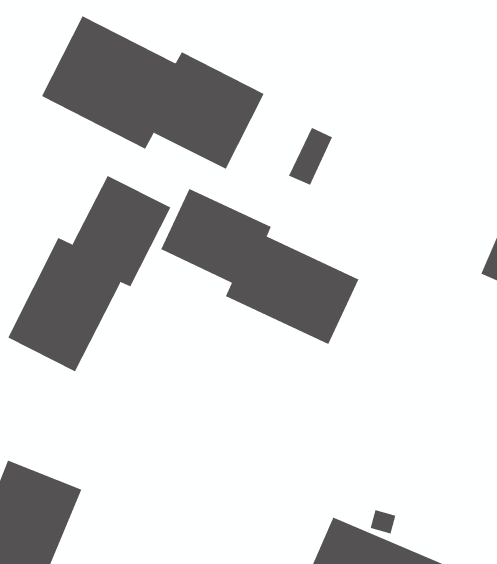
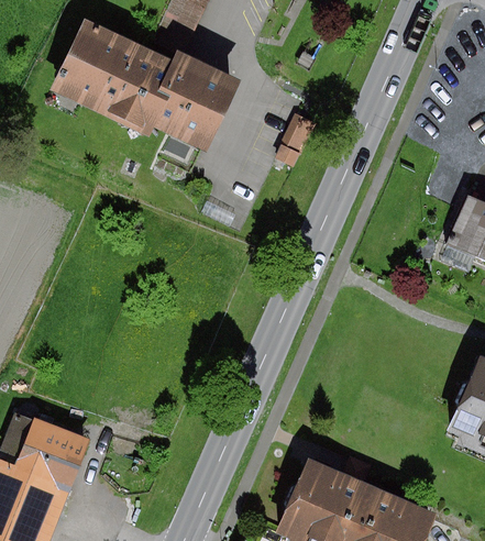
building: [8,175,171,372] -> none
building: [160,188,359,345] -> none

